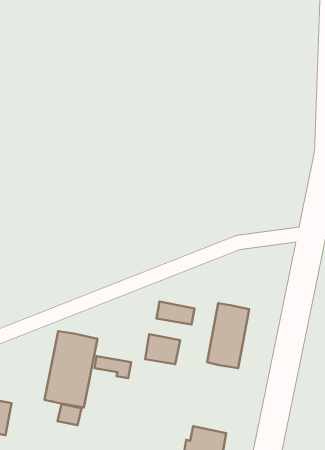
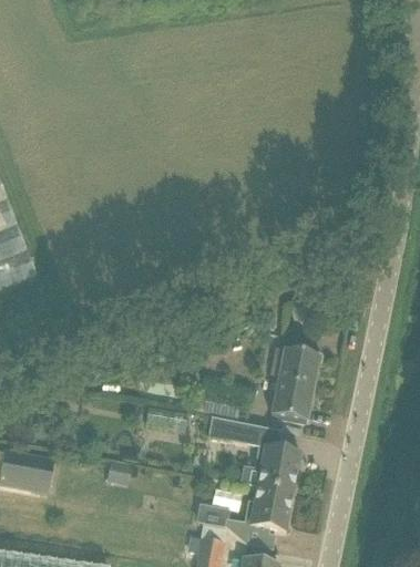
building: [157,302,195,325] -> [206,415,248,441]
building: [44,331,98,407] -> none
building: none -> [254,444,299,491]

